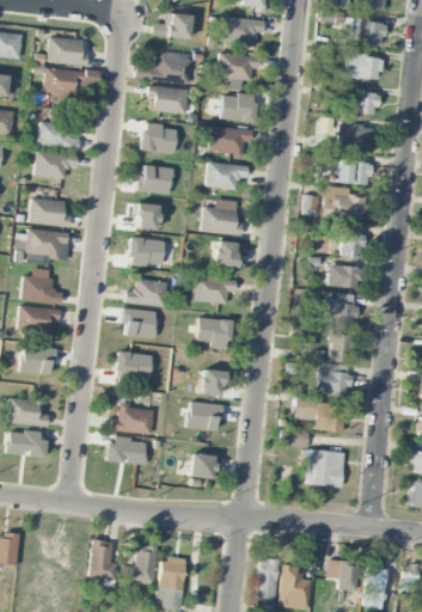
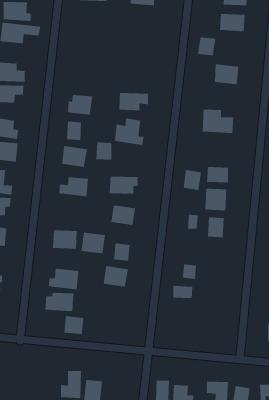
building: [136,53,191,82] -> none
building: [219,54,261,80] -> none
building: [148,87,188,112] -> none
building: [354,90,380,116] -> [197,37,216,56]
building: [221,93,256,122] -> none
building: [140,123,177,153] -> none
building: [210,127,251,154] -> none
building: [337,159,372,185] -> none
building: [340,231,366,259] -> [183,170,202,190]
building: [215,243,238,268] -> [96,142,112,160]
building: [122,308,157,338] -> [80,232,106,254]
building: [316,362,351,396] -> none
building: [314,405,349,432] -> none
building: [302,451,343,486] -> none
building: [188,453,216,479] -> [63,315,84,334]
building: [90,540,117,580] -> none

